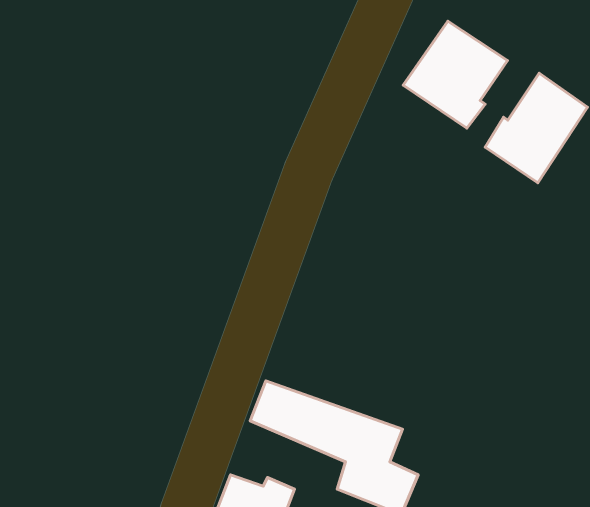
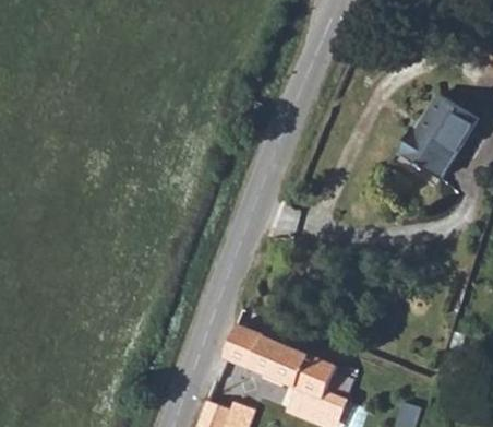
building: [403,21,508,128] -> none

